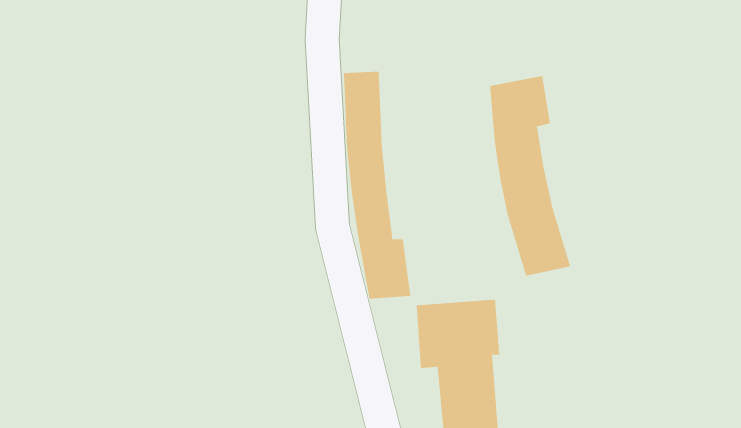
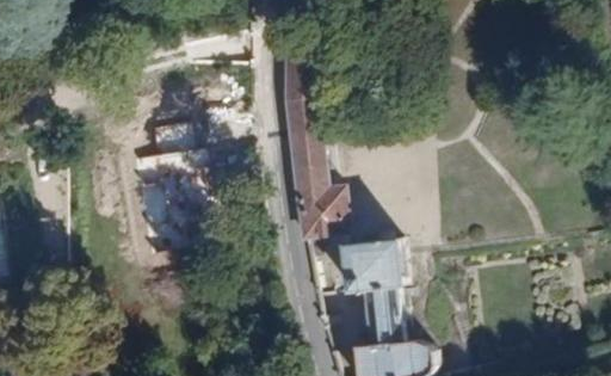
building: [490,75,571,276] -> none

